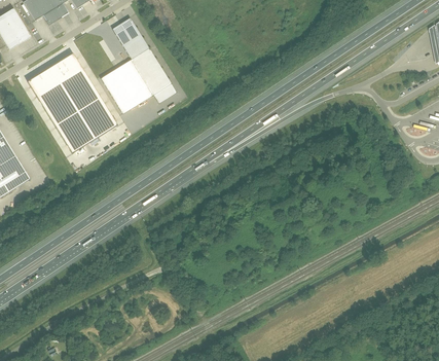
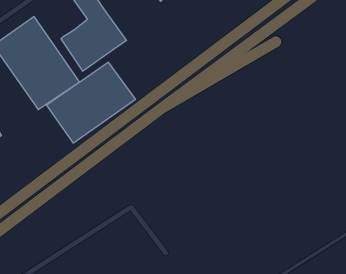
building: none -> [47,62,135,143]

